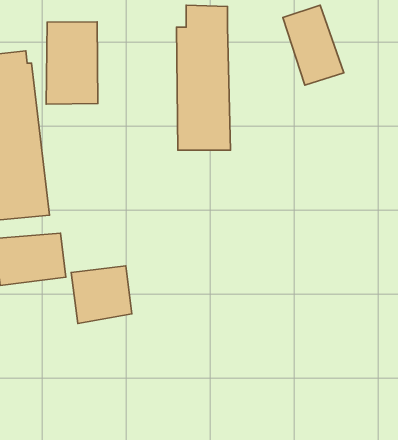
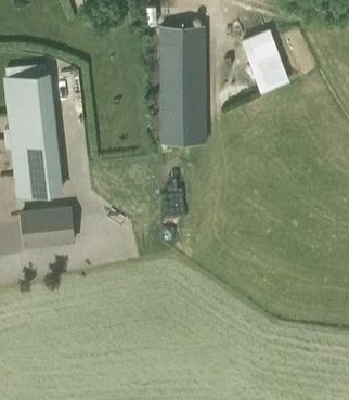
building: [46,22,98,104] -> none
building: [71,266,132,324] -> none

